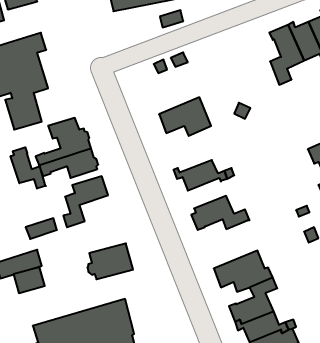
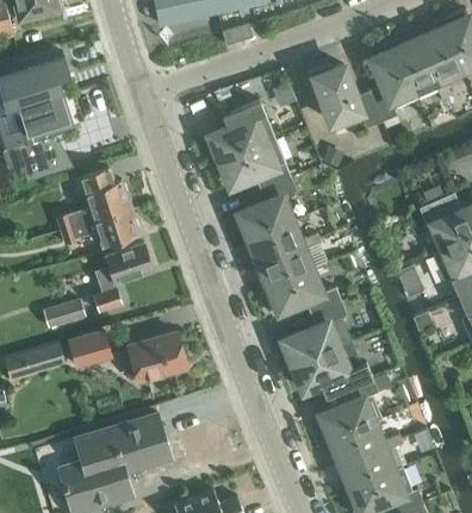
building: none -> [309,65,380,129]
building: none -> [210,101,274,162]
building: none -> [231,177,296,239]
building: [11,147,46,189] -> none
building: none -> [259,246,310,295]
building: none -> [282,302,352,367]
building: [13,267,45,293] -> [69,332,111,367]

